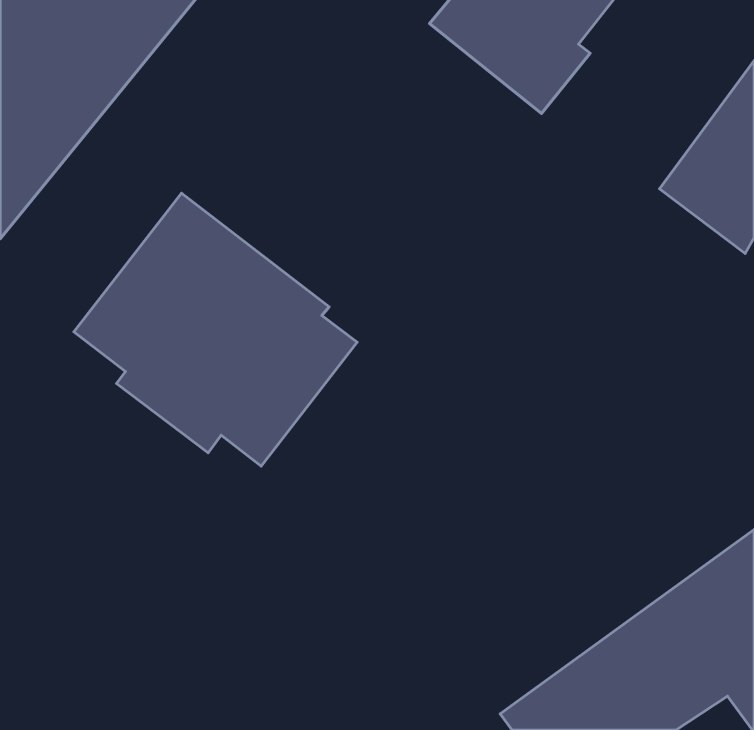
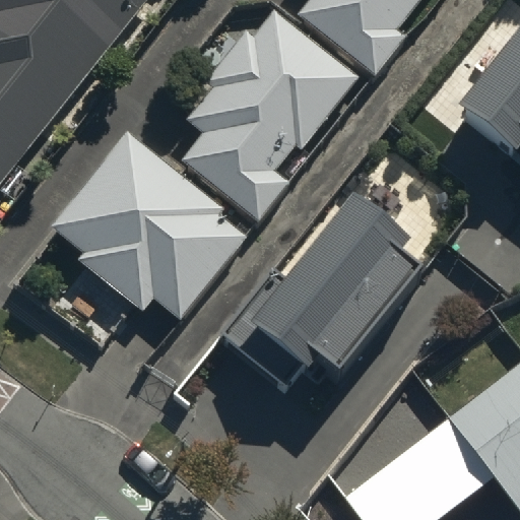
building: none -> [181,10,359,222]
building: none -> [247,219,418,393]

